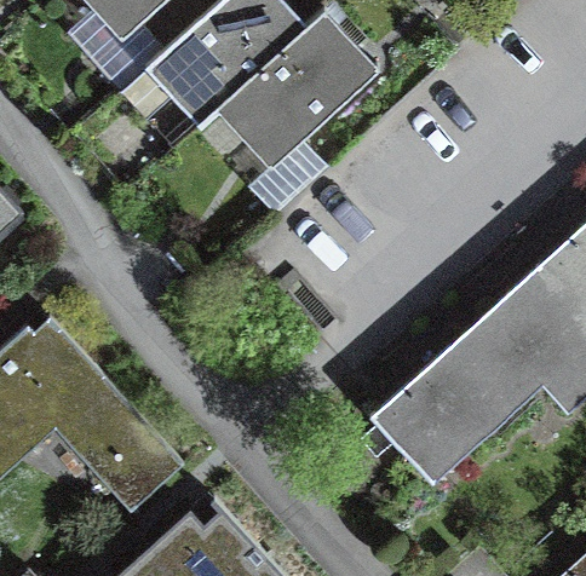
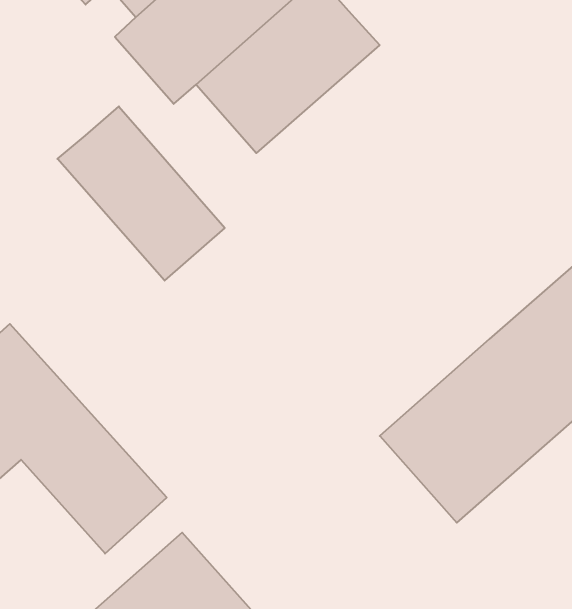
building: none -> [57,106,225,281]

